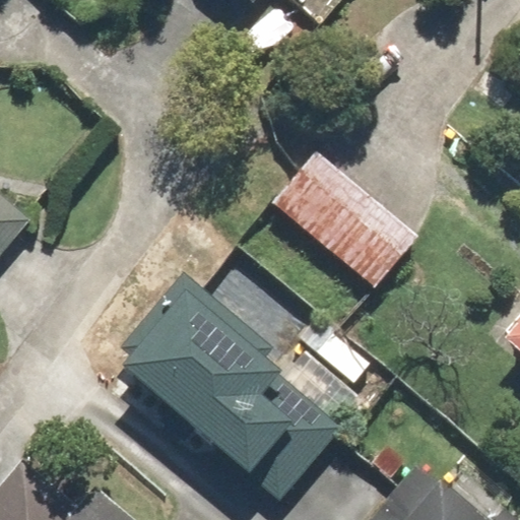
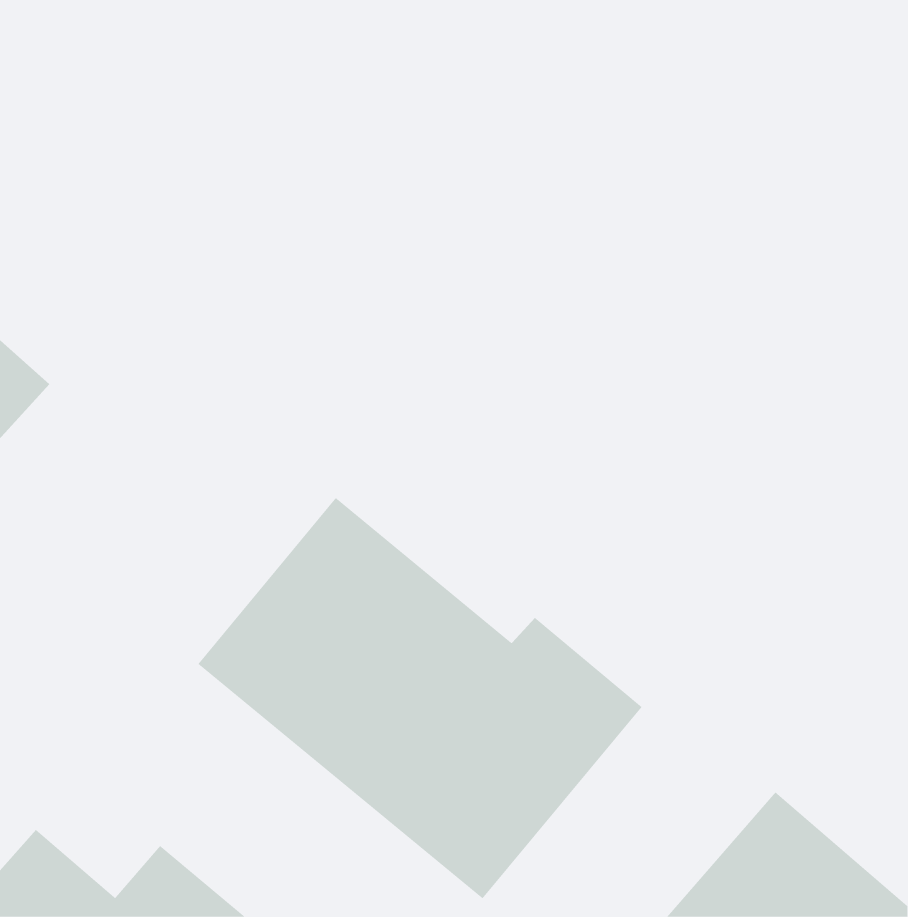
building: [282,158,415,284] -> none

